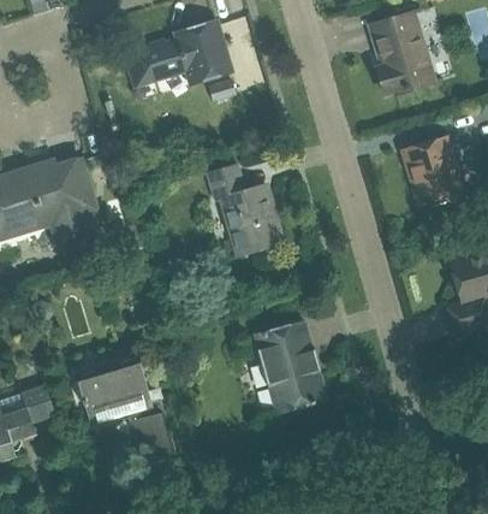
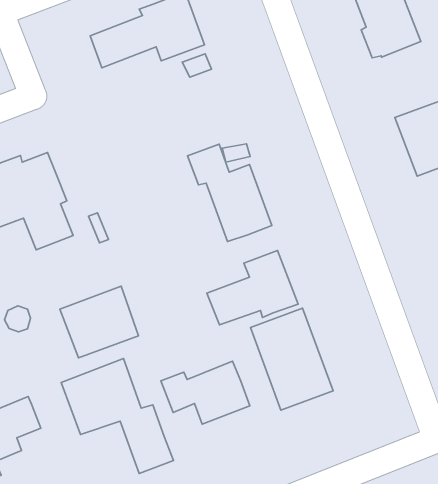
building: none -> [207,250,298,325]
building: none -> [60,286,139,358]
building: none -> [161,361,250,424]

